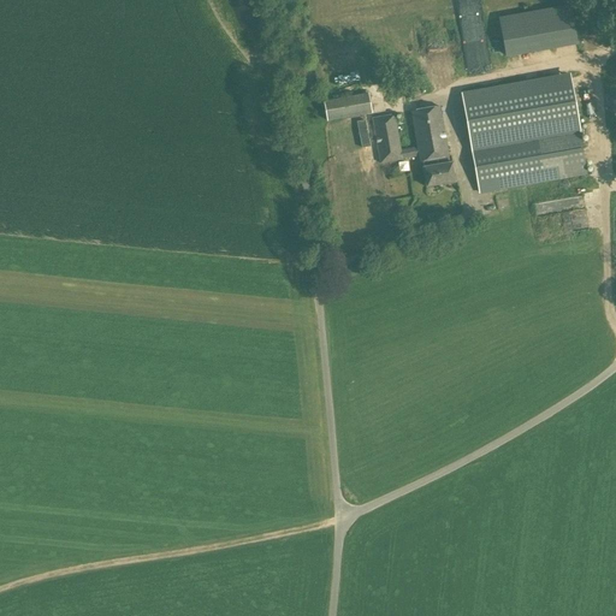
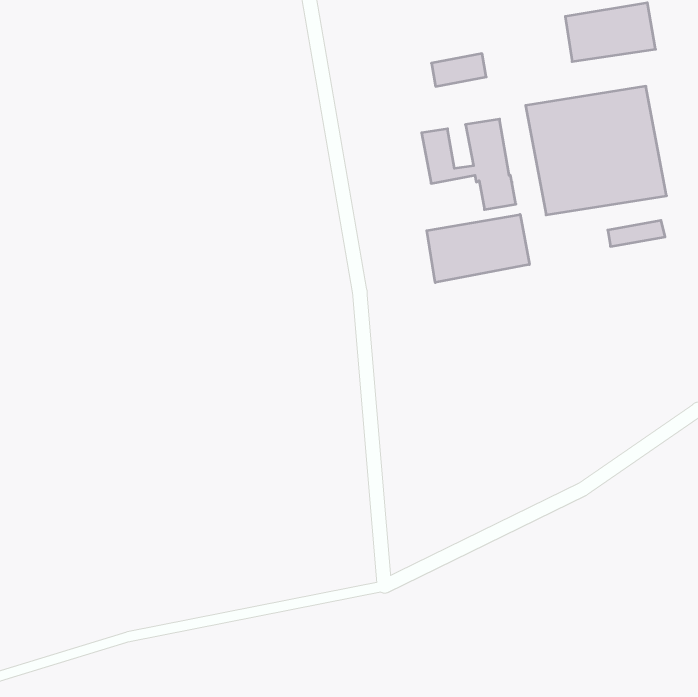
building: [322,91,371,120] -> [431,54,486,86]
building: none -> [427,214,529,283]

